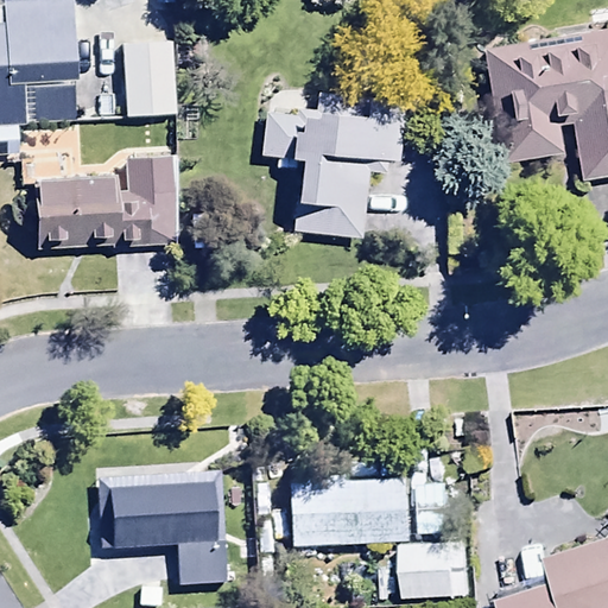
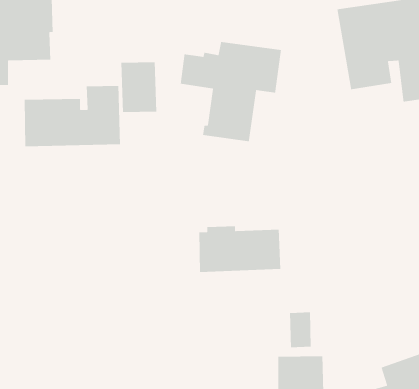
building: [125,42,177,115] -> [121,61,157,113]
building: [99,473,224,587] -> none
building: [291,476,410,544] -> [198,226,281,273]

